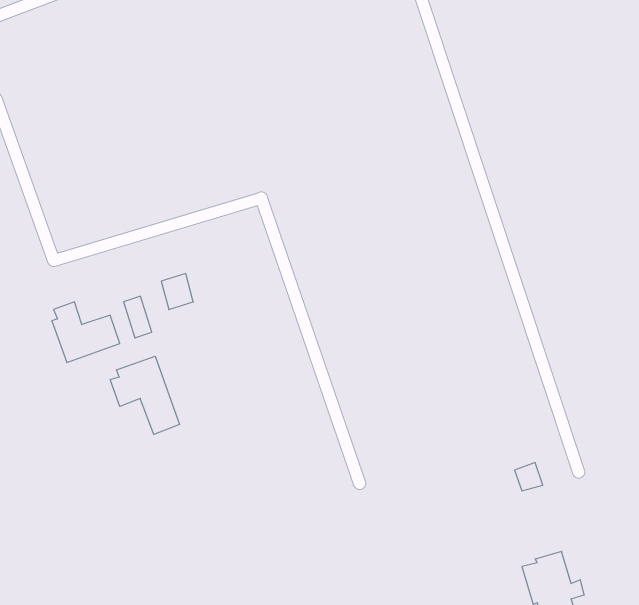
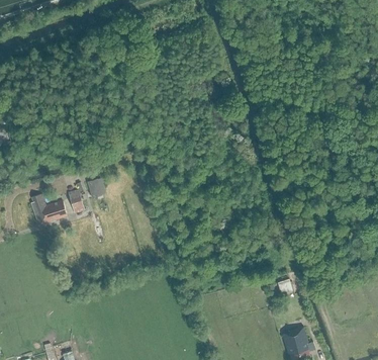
building: [110,356,179,434] -> none

